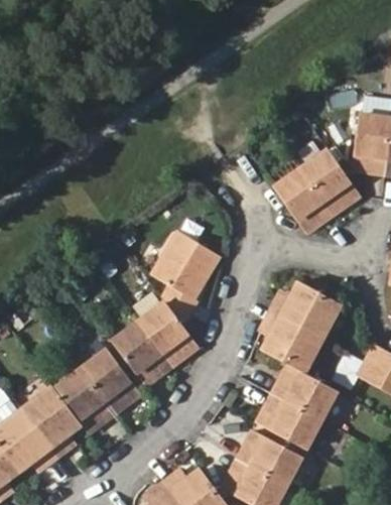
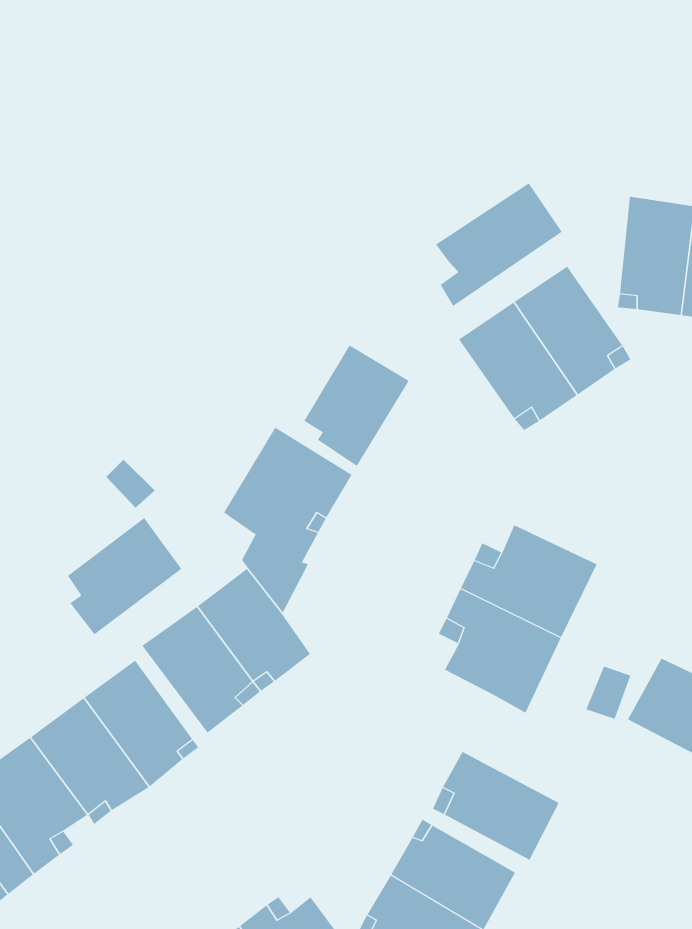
building: none -> [435,183,562,307]
building: none -> [303,344,409,467]
building: none -> [67,517,182,635]
building: [272,366,337,420] -> none

